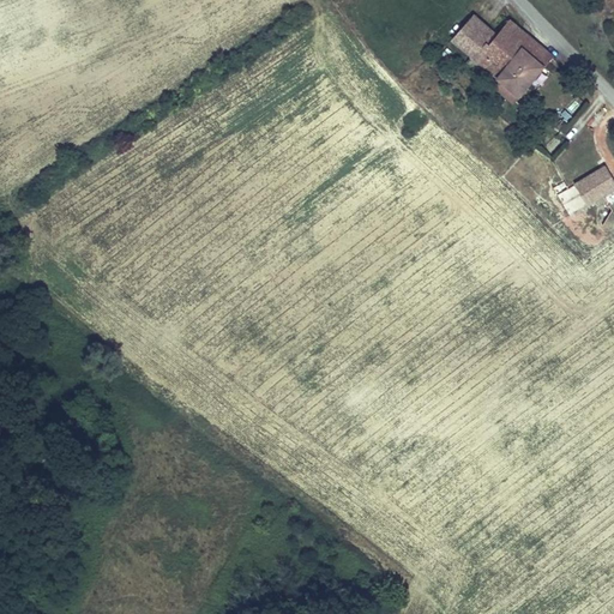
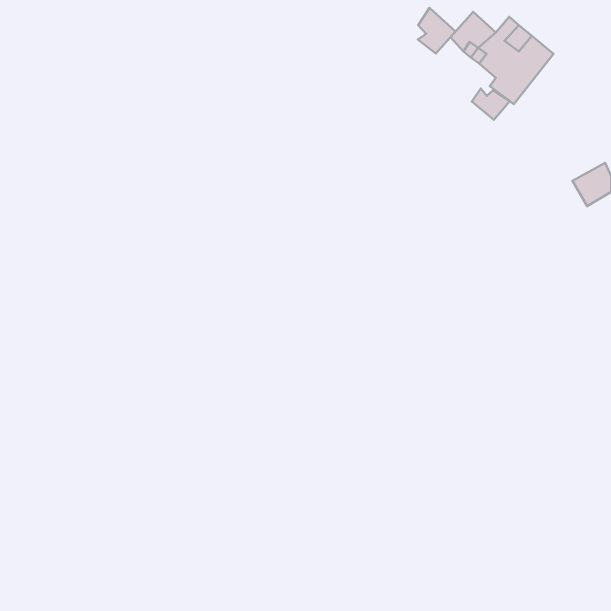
building: none -> [418,8,456,53]
building: none -> [472,89,510,120]

